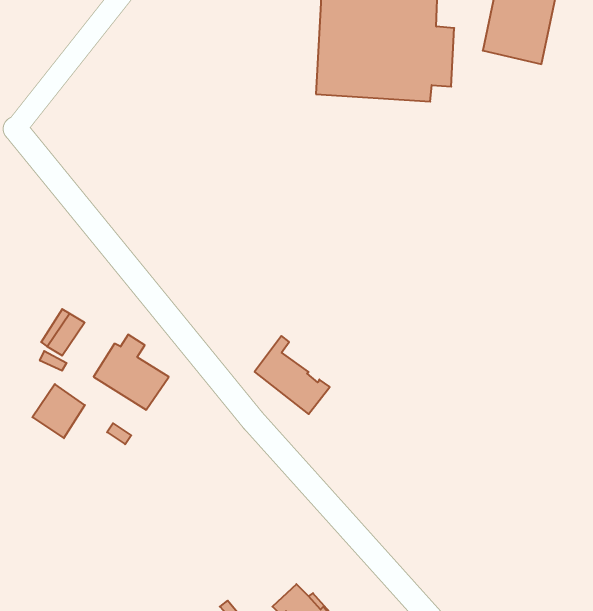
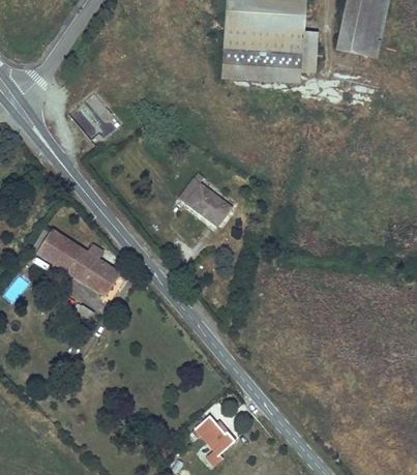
building: none -> [70,93,120,142]
building: [255,336,330,414] -> [180,172,232,226]
building: [32,384,85,438] -> [47,235,83,272]

